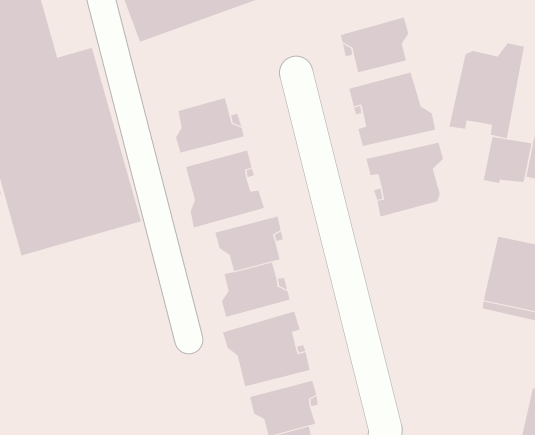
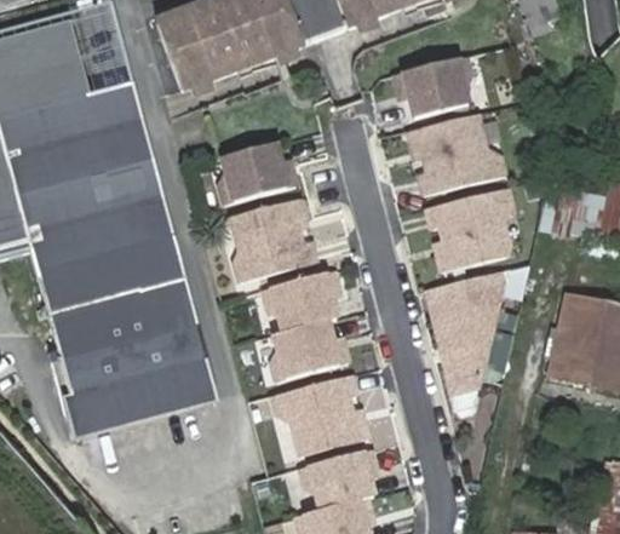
building: [449,43,524,139] -> none
building: none -> [427,271,500,391]
building: none -> [52,277,218,438]

